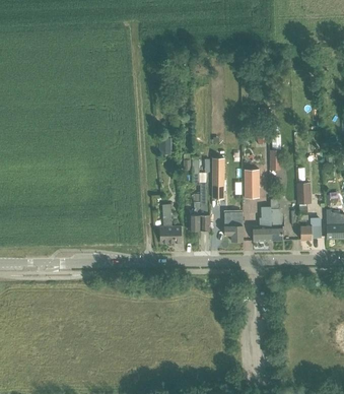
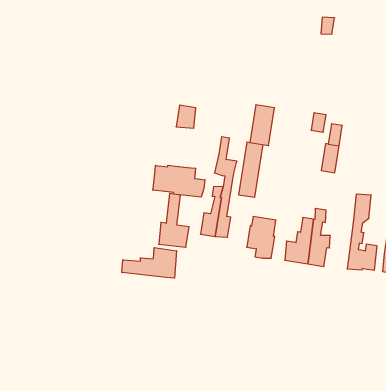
building: [245,169,259,197] -> [250,105,275,146]
building: none -> [153,165,205,197]
building: none -> [122,248,176,278]

